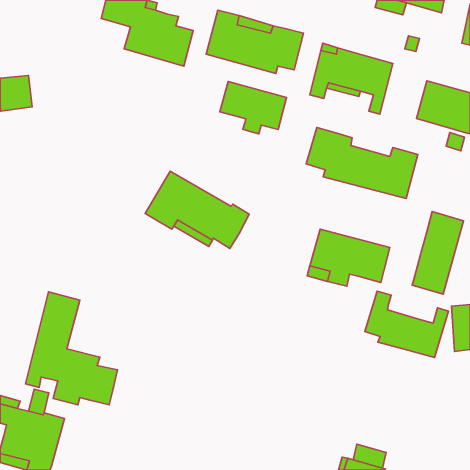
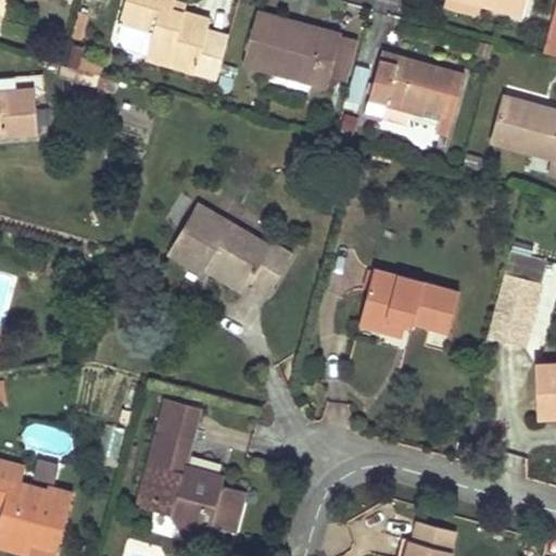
building: [220,82,287,134] -> none
building: [306,128,418,198] -> none
building: [365,291,449,358] -> none
building: [25,292,117,405] -> [137,400,245,533]

